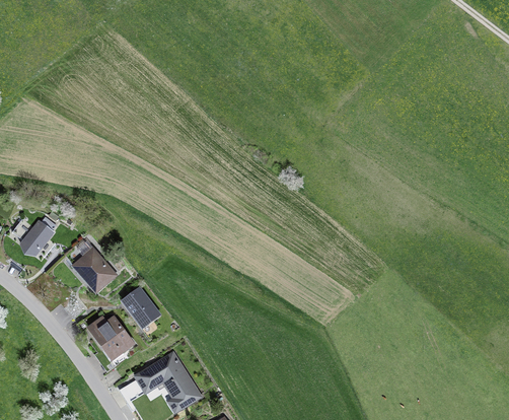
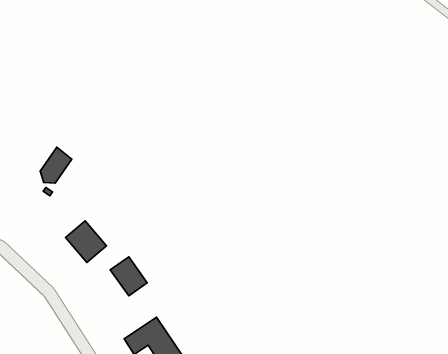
building: [21,218,56,258] -> [40,147,72,183]
building: [84,312,135,365] -> none

